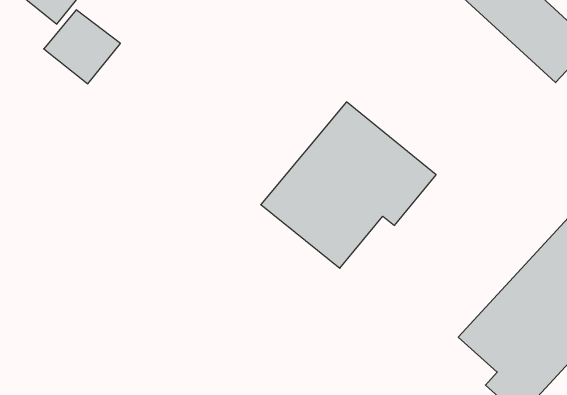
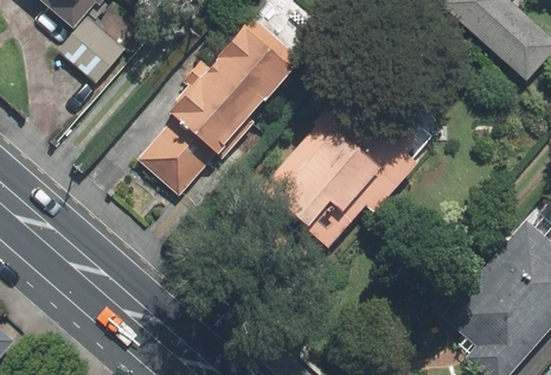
building: none -> [140,15,299,195]

